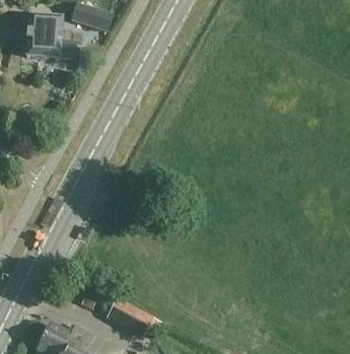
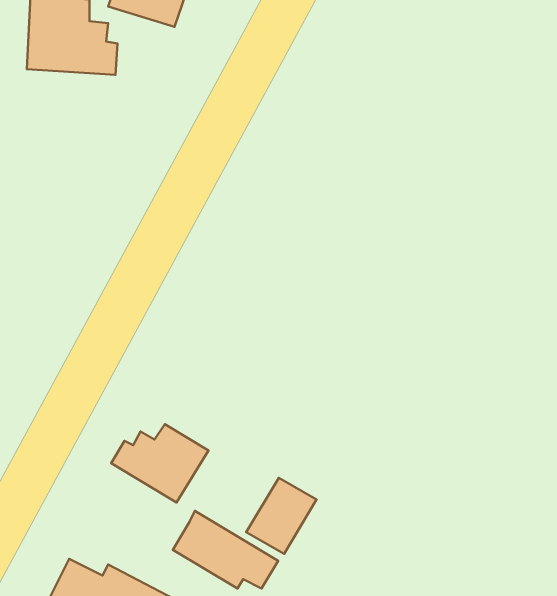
building: none -> [111,424,209,502]
building: none -> [246,478,317,554]

